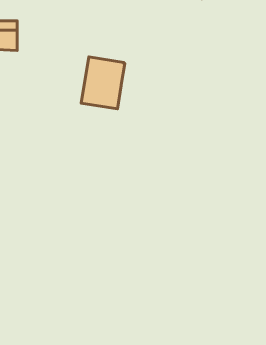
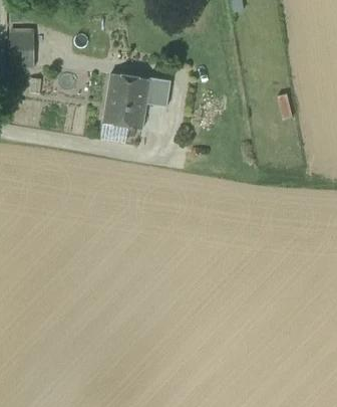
building: none -> [145,75,171,106]

